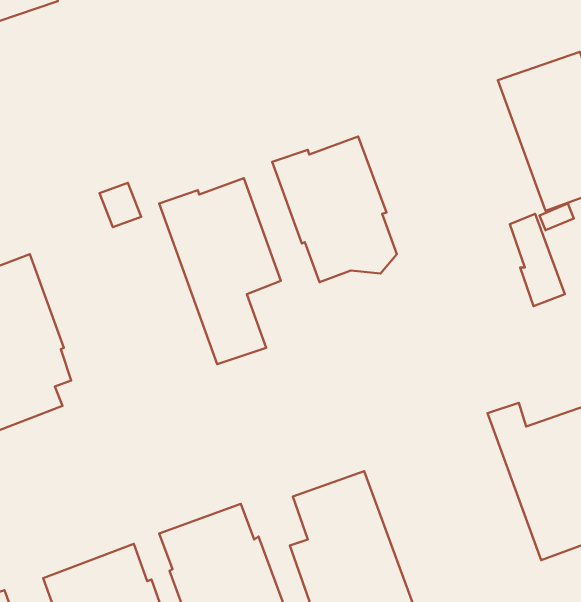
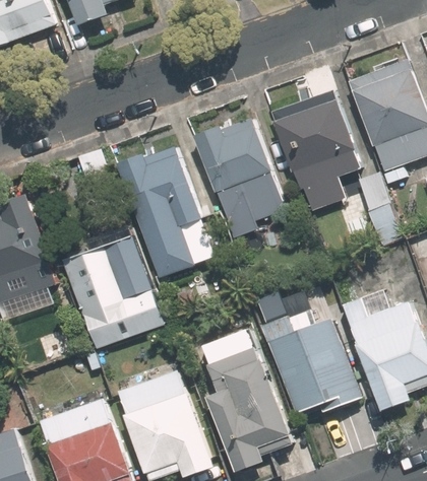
building: none -> [272,90,360,208]
building: none -> [63,222,162,345]
building: none -> [261,310,363,414]

